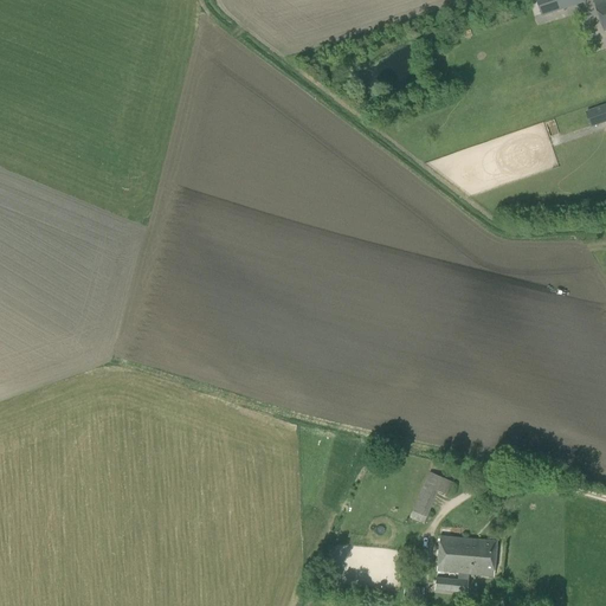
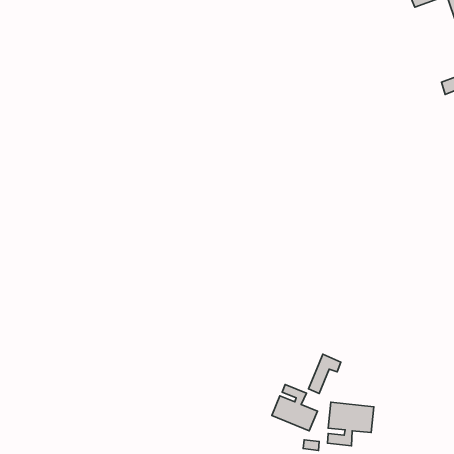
building: none -> [272,385,317,431]

